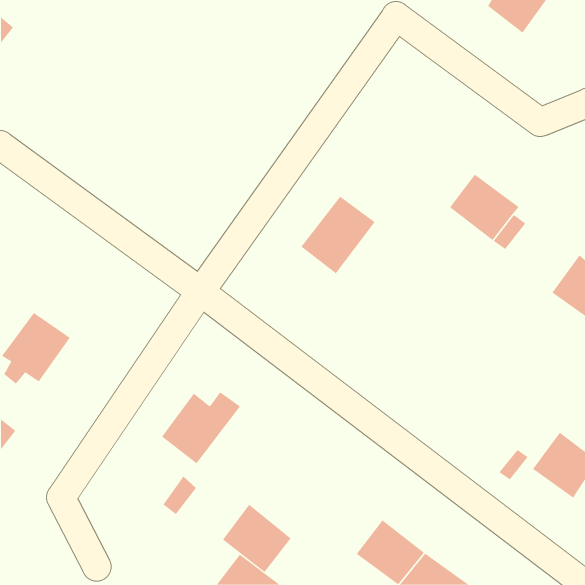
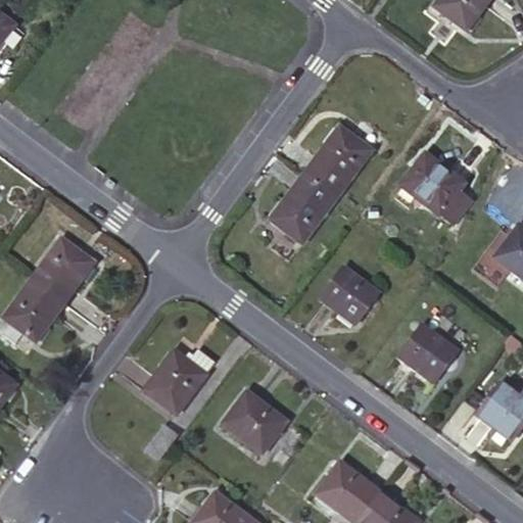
building: none -> [304,128,372,197]
building: none -> [33,236,95,300]
building: none -> [321,269,378,326]
building: none -> [397,325,458,384]
building: [222,504,291,573] -> [225,389,286,450]

